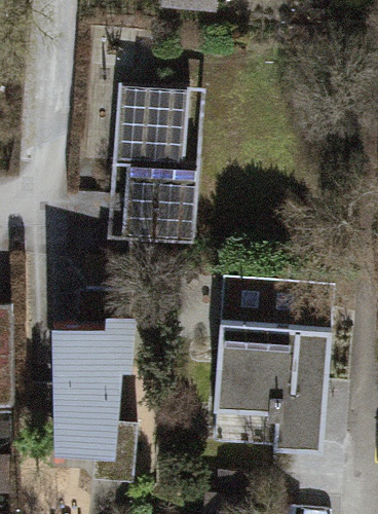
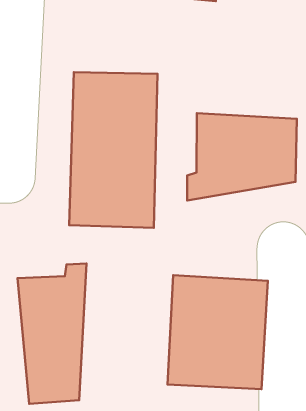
building: none -> [187,113,297,201]

